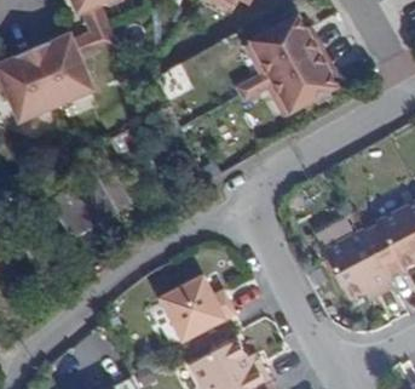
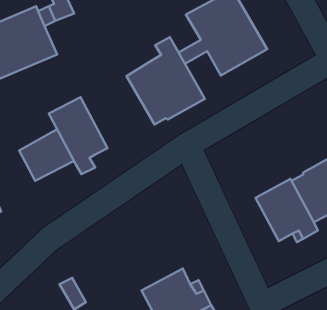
building: none -> [126,37,205,125]
building: none -> [49,97,107,174]
building: [158,274,234,339] -> none

